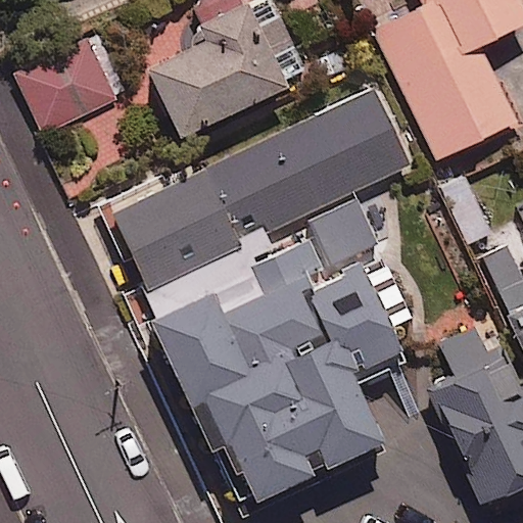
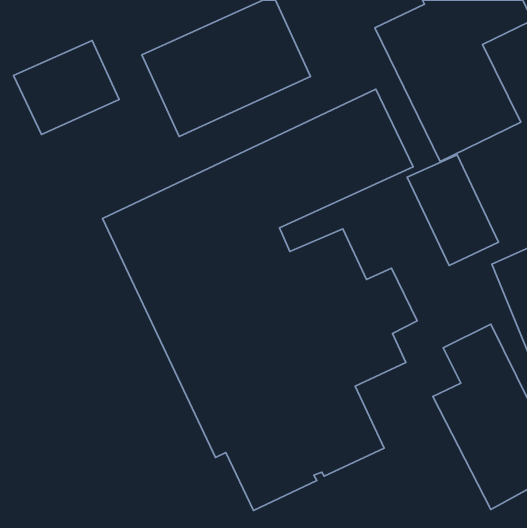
building: none -> [407,155,499,265]

